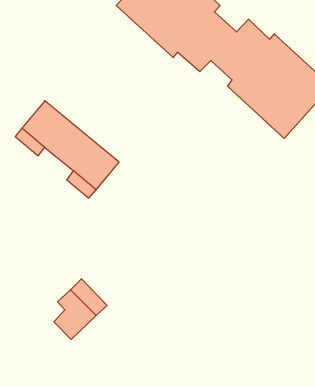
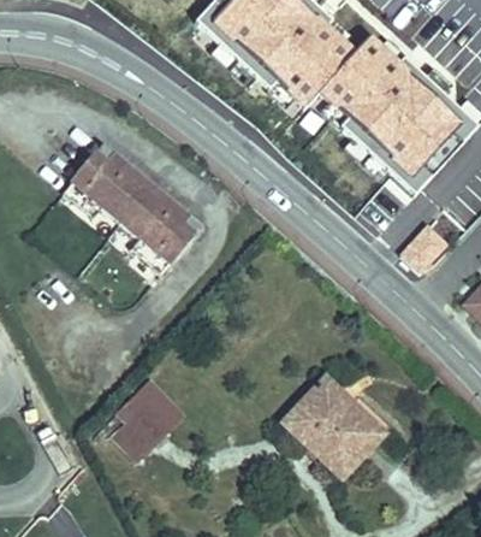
building: none -> [400,223,449,270]
building: none -> [284,374,379,473]

